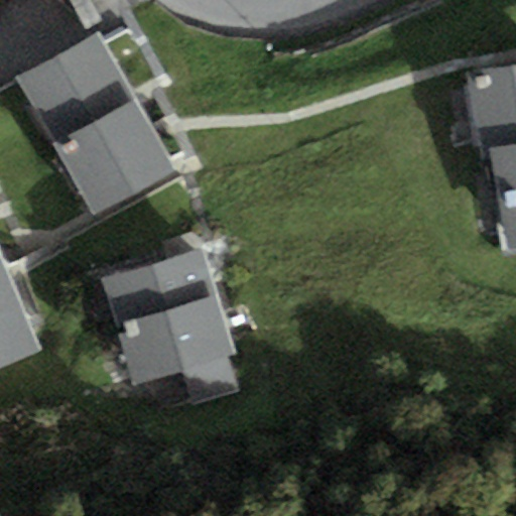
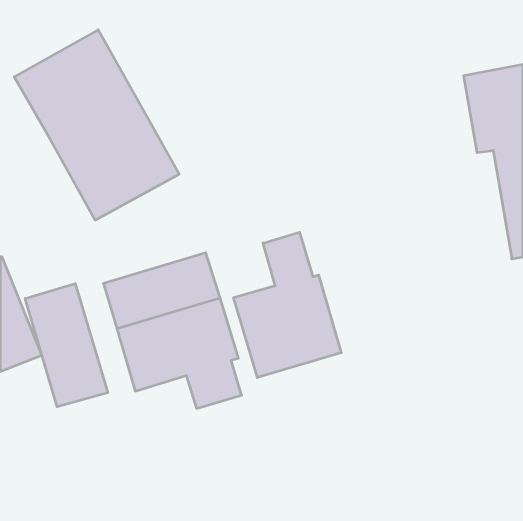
building: none -> [234,232,341,378]
building: none -> [25,284,108,407]

